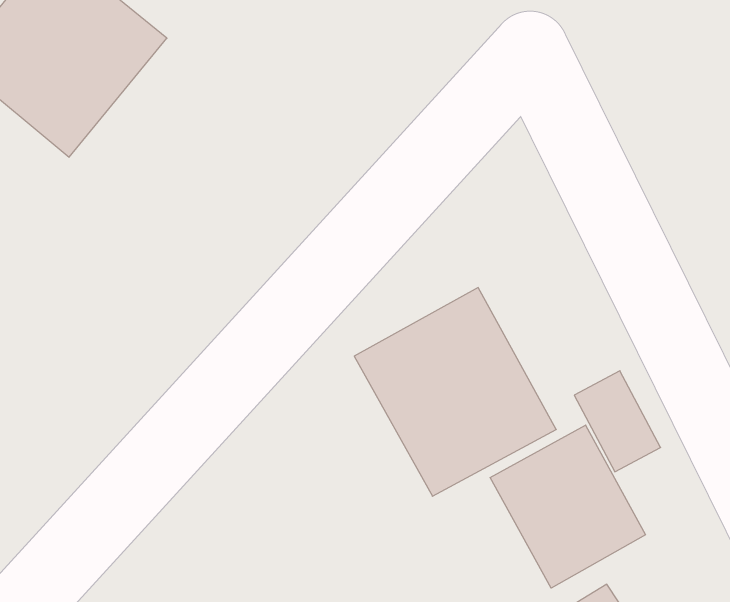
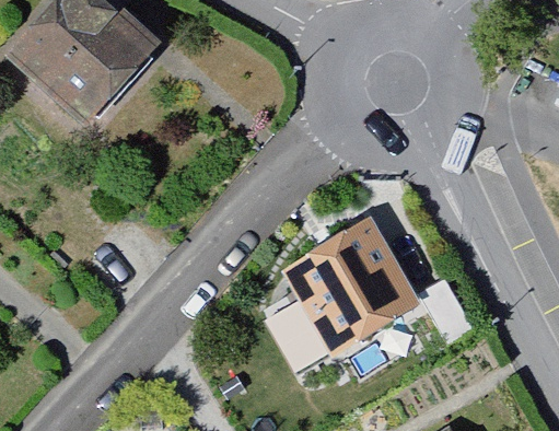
building: [490,425,645,588] -> none

